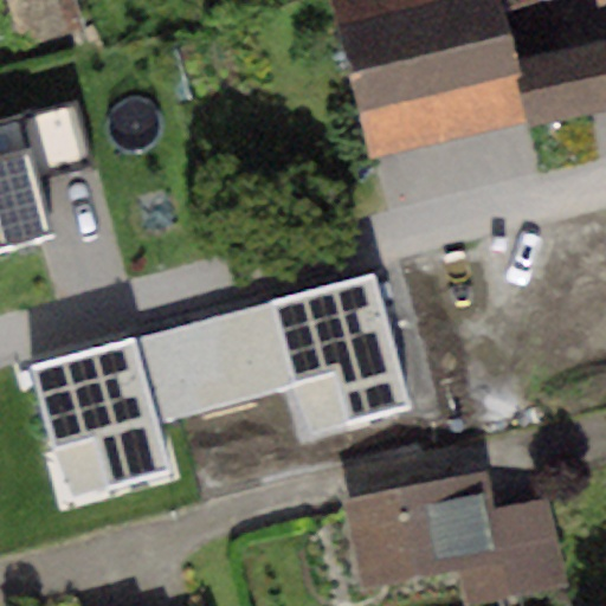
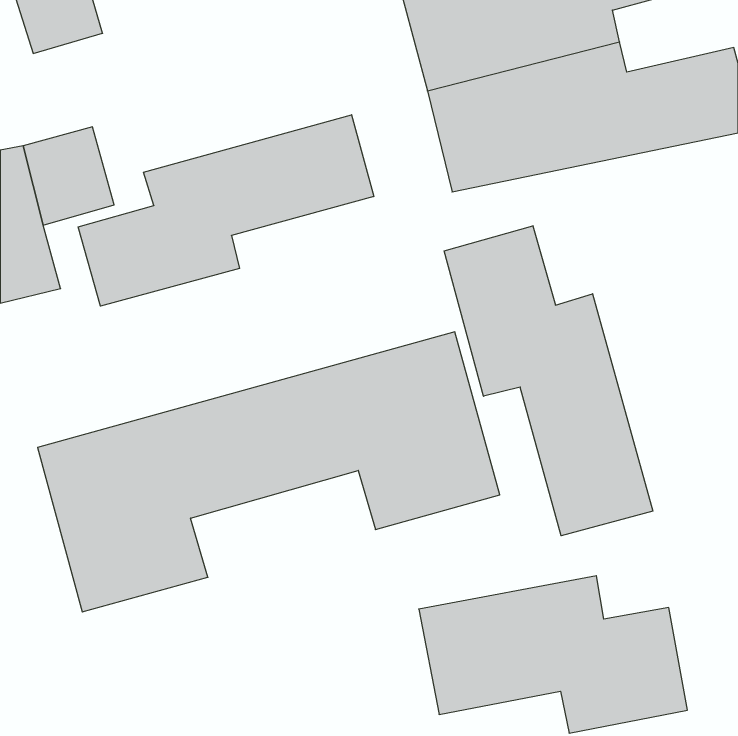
building: none -> [78,115,374,306]
building: none -> [444,226,653,536]

